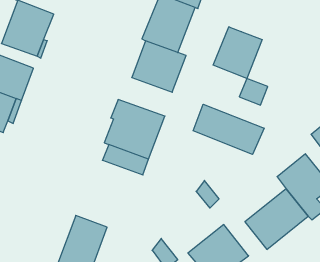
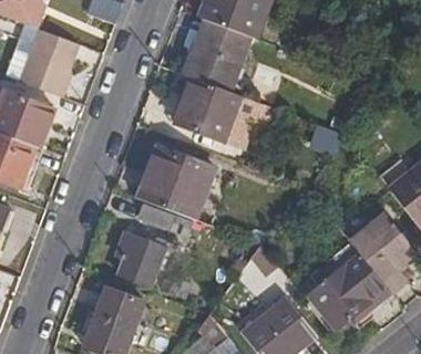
building: [213,27,262,78] -> none
building: [193,104,264,154] -> none
building: none -> [115,231,164,284]

